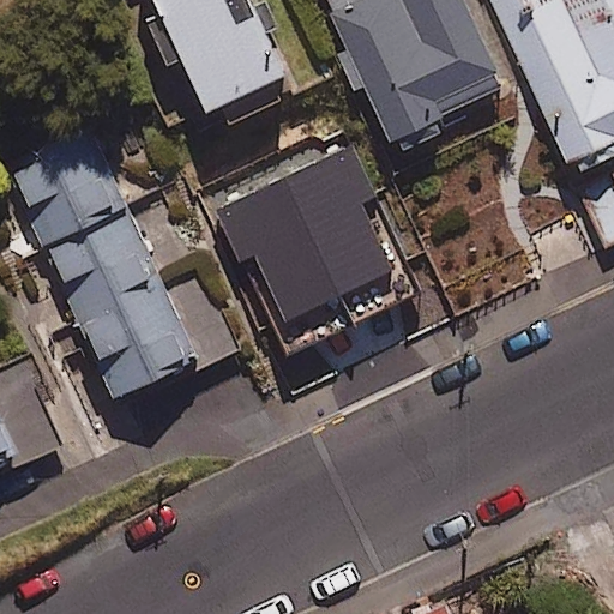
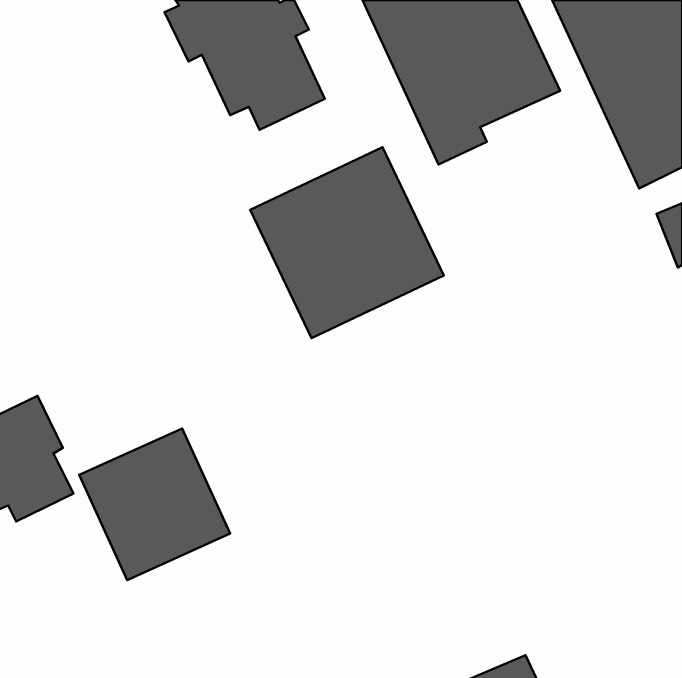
building: [8,128,236,397] -> none
building: none -> [79,428,230,580]

